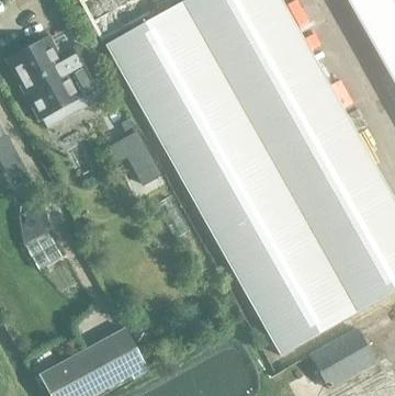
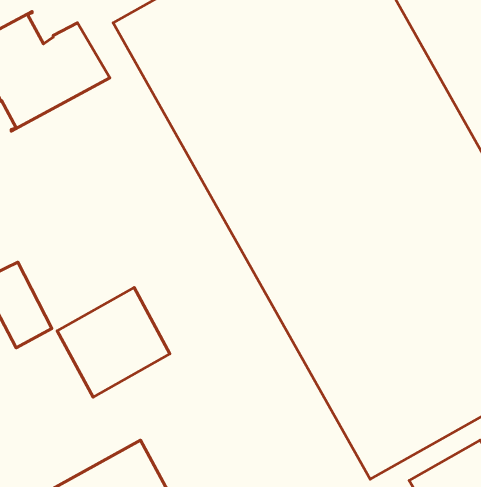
building: [111,133,160,184] -> none
building: none -> [57,288,170,397]

